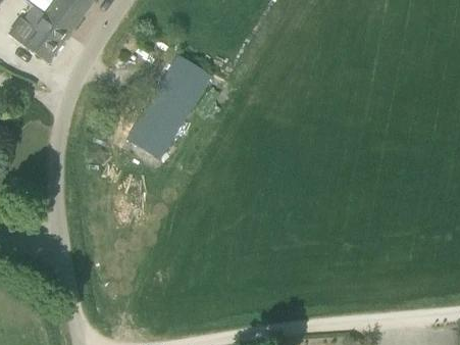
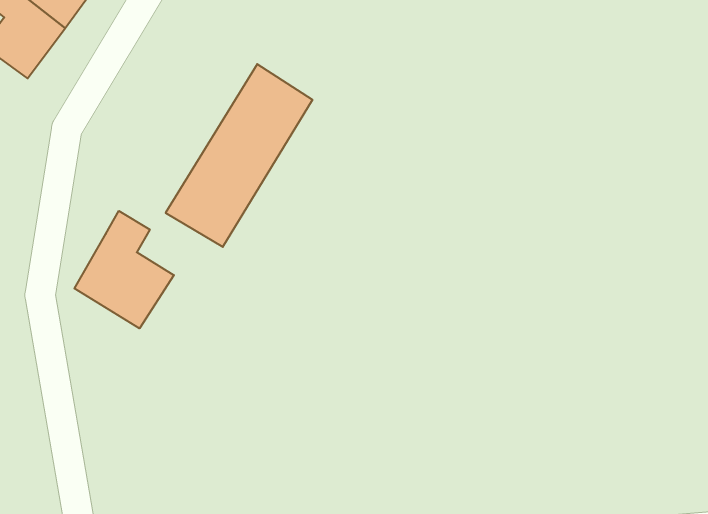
building: none -> [74,211,174,328]

